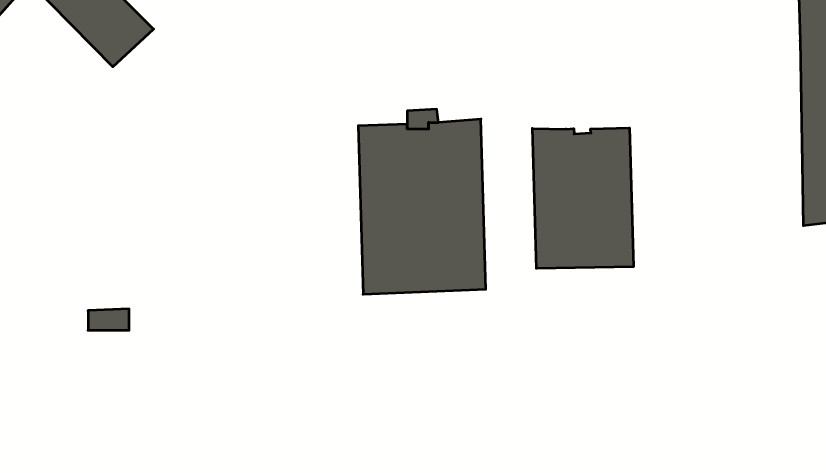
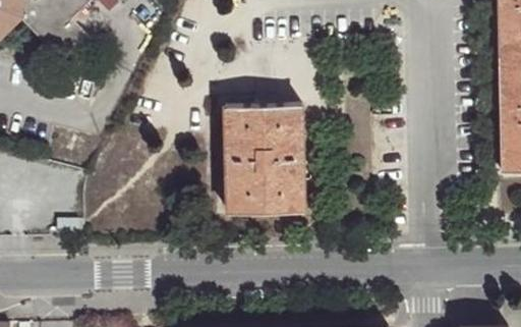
building: [532,128,633,268] -> none

